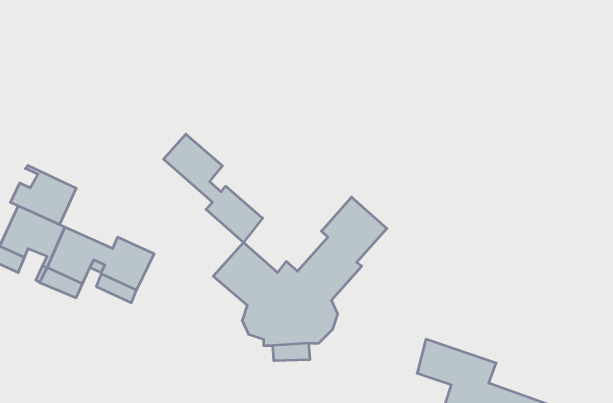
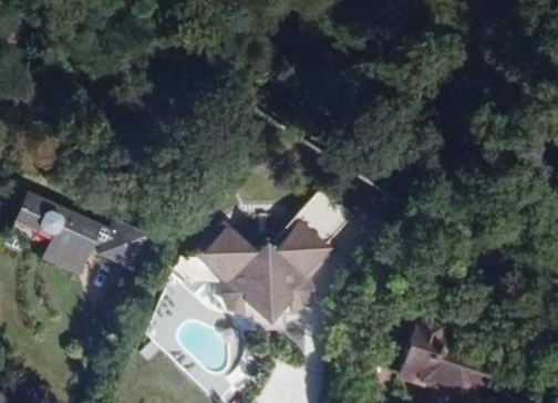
building: [164,134,263,242] -> none
building: [10,165,76,225] -> none

